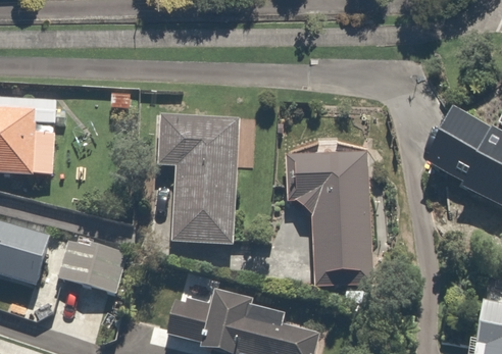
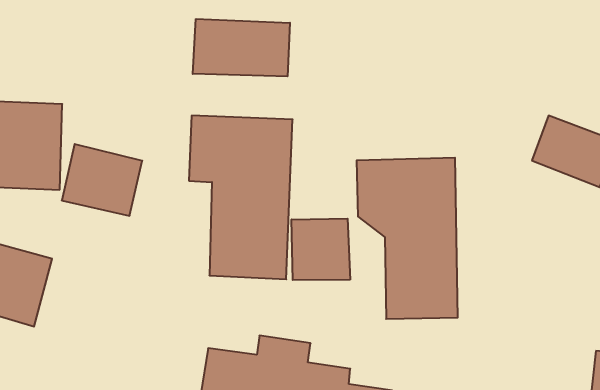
building: none -> [193,19,290,76]
building: none -> [292,219,350,280]
building: [58,232,122,289] -> [62,144,142,216]

